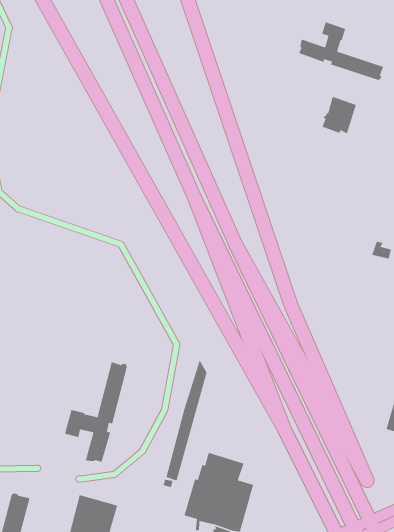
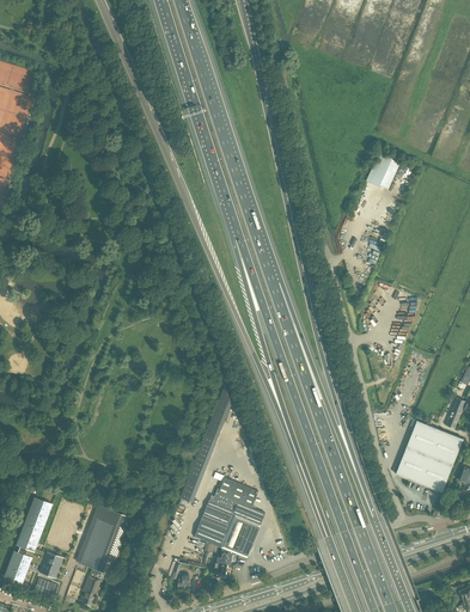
building: [298,21,384,81] -> none
building: [64,361,128,463] -> none

